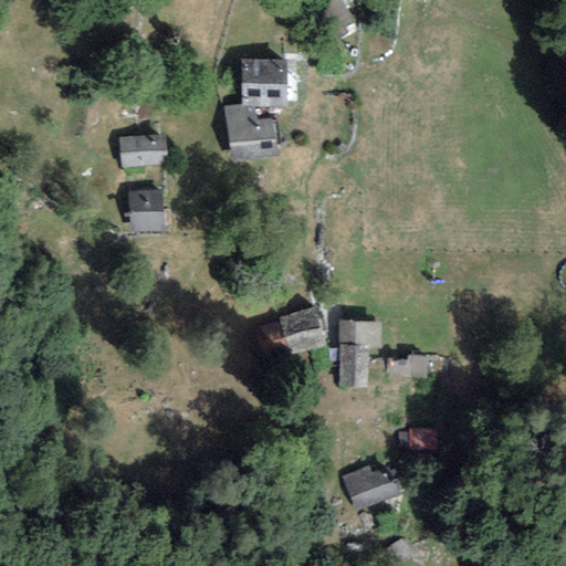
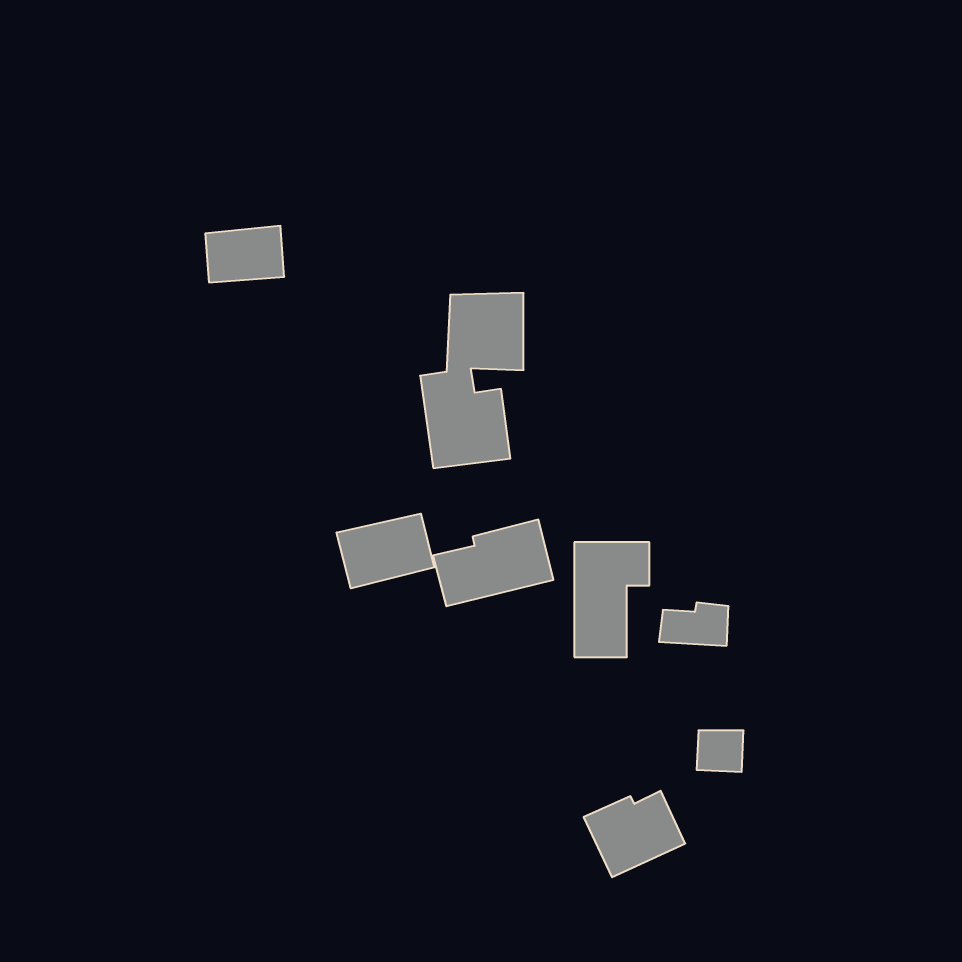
building: [226,57,286,160] -> [420,293,524,468]
building: [128,188,166,231] -> none
building: none -> [337,514,434,588]

